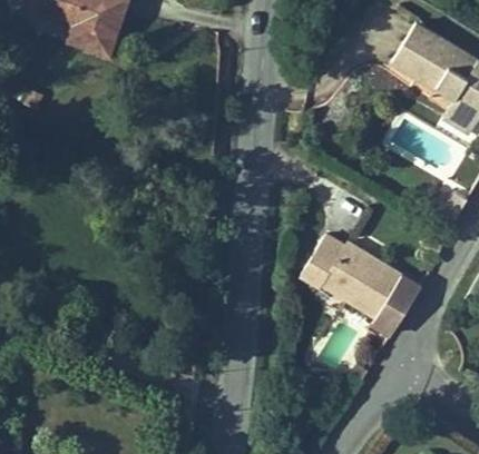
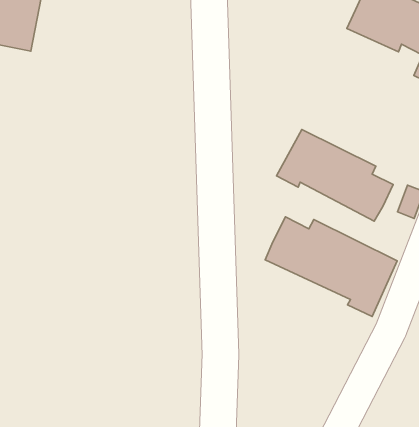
building: none -> [277,129,393,221]

